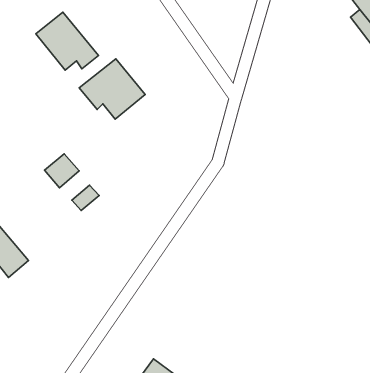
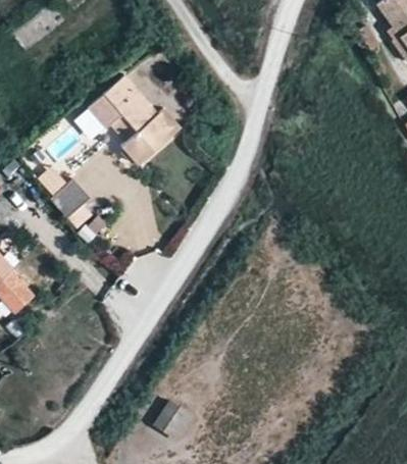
building: [36,12,99,70] -> none
building: none -> [123,110,183,165]

